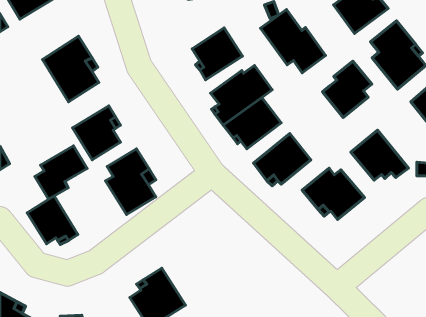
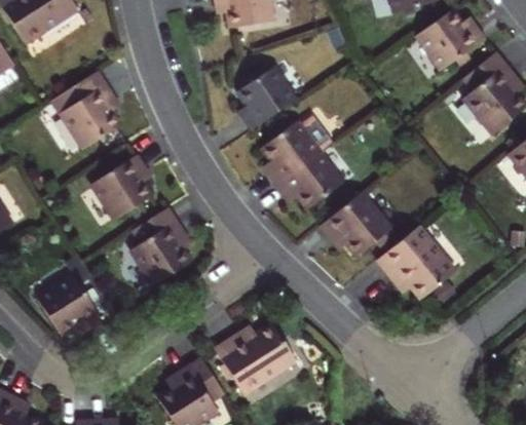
building: [260,10,326,73] -> none
building: [323,61,372,117] -> none
building: [351,130,409,180] -> none
building: [35,146,87,199] -> none
building: none -> [218,319,298,391]

